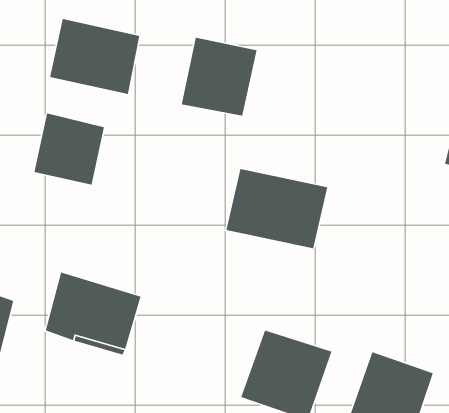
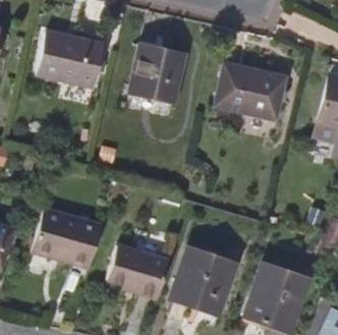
building: [33,113,105,186] -> none
building: [225,168,328,249] -> [214,61,286,118]
building: none -> [109,246,170,298]

